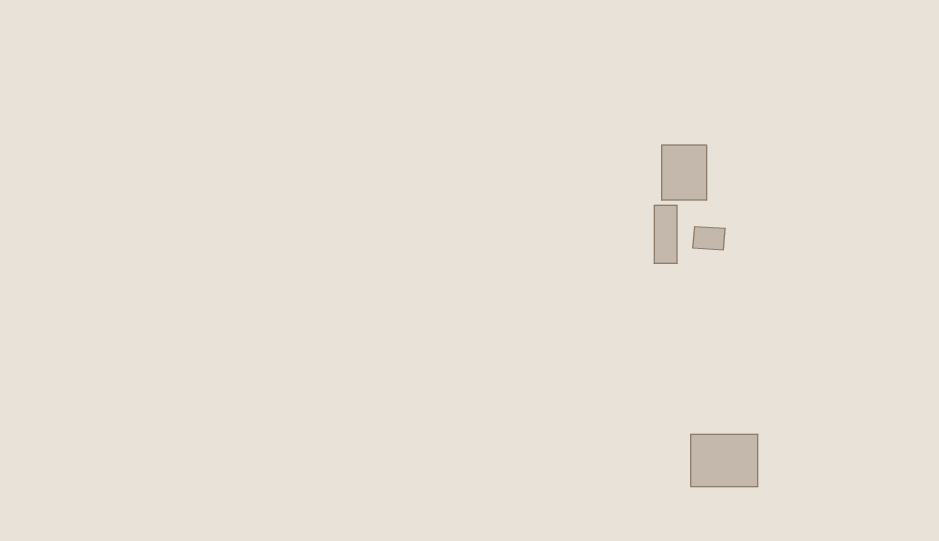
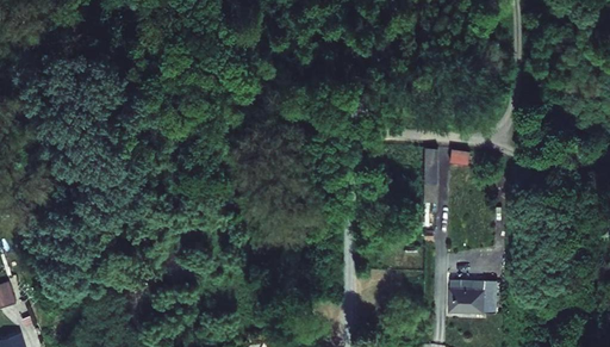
building: [662,145,706,200] -> none

